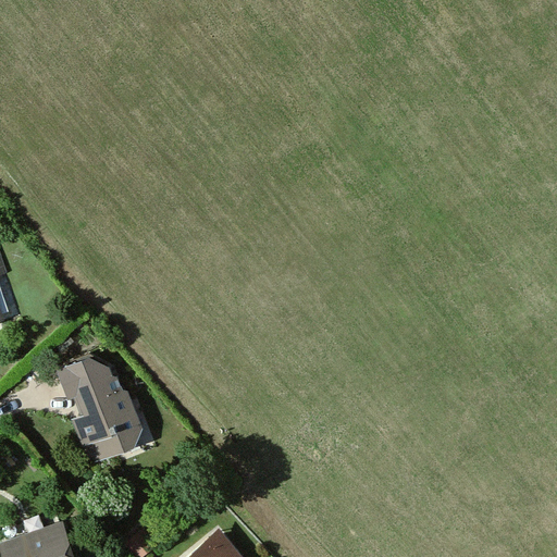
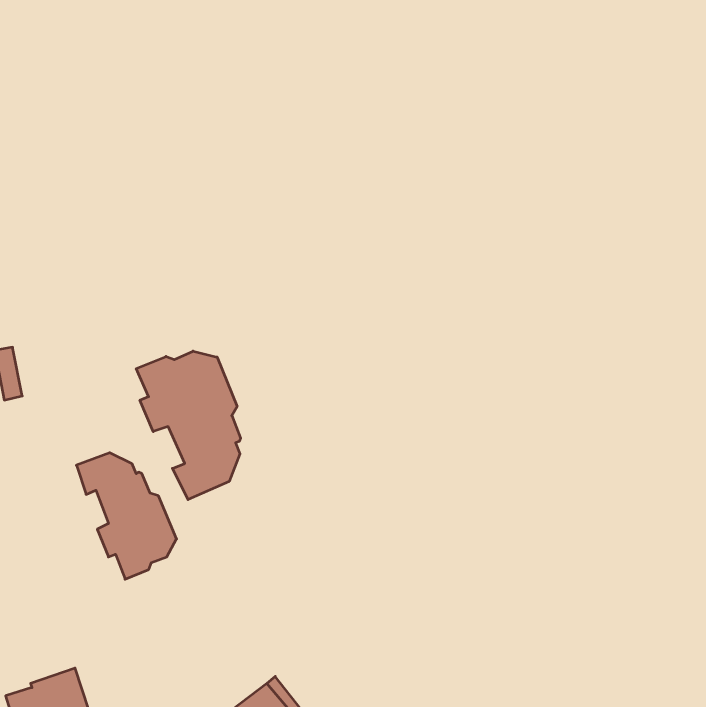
building: none -> [136,351,241,500]

